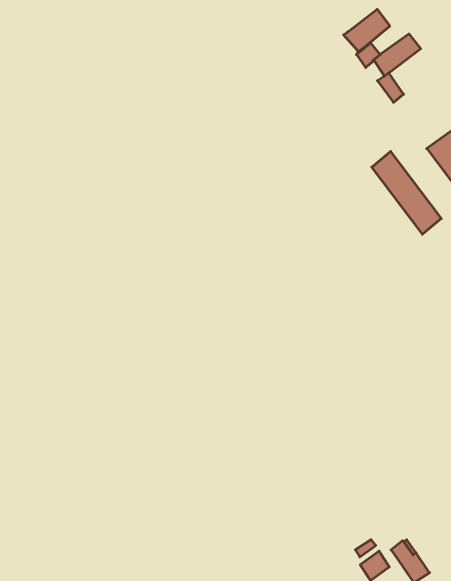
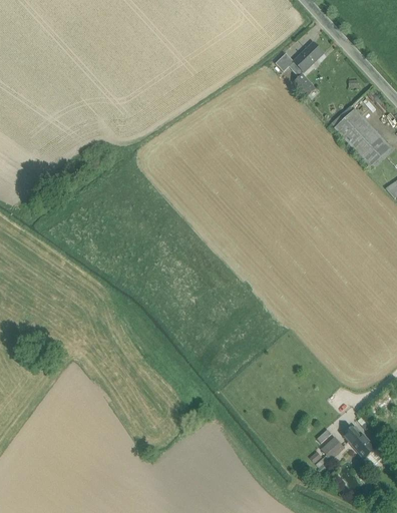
building: [344,9,390,52] -> none
building: [372,151,441,234] -> none

